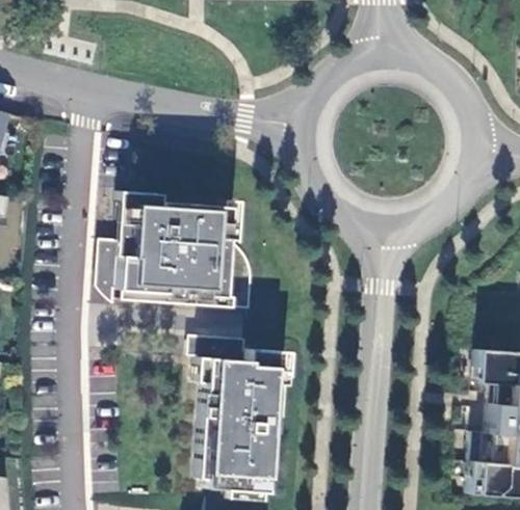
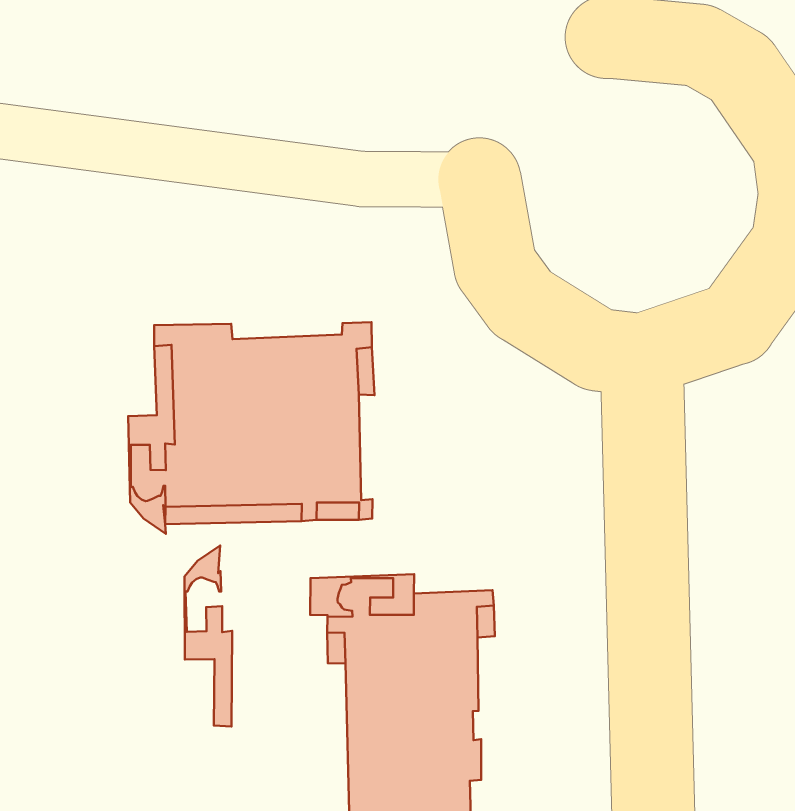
building: none -> [185,546,232,726]

